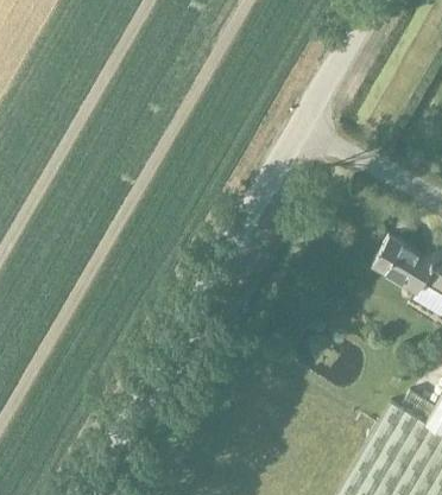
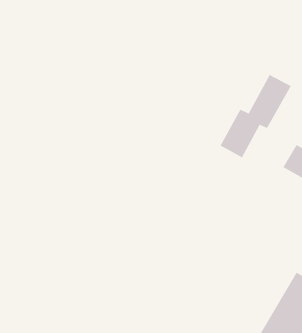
building: none -> [220,74,292,158]

